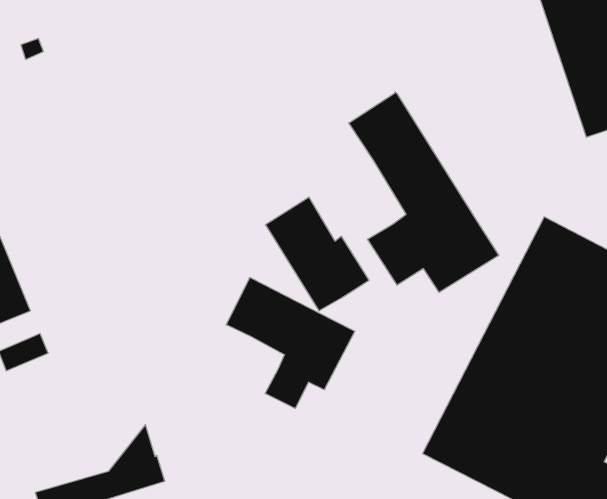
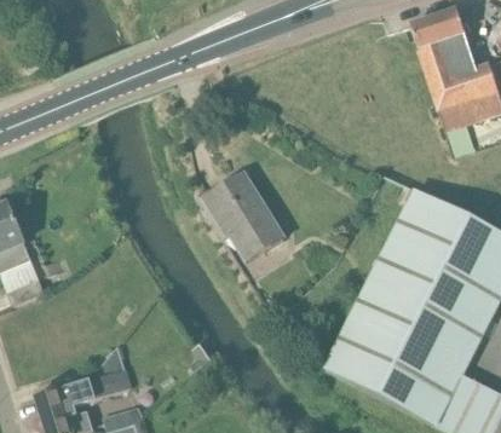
building: [348,92,499,292] -> none
building: [226,278,355,408] -> none

